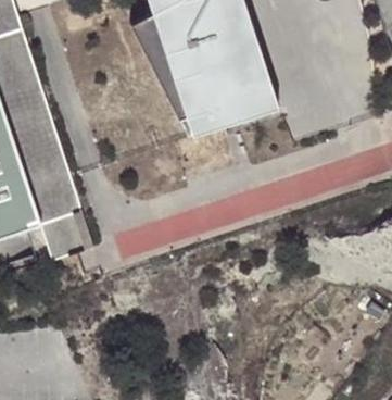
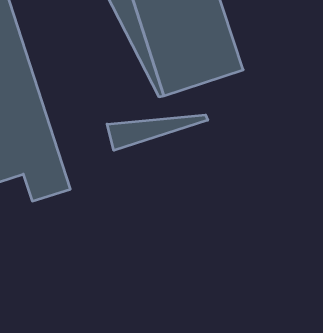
building: none -> [107,115,208,150]

